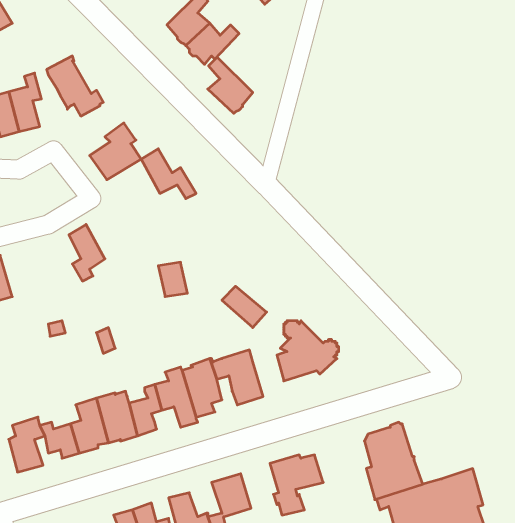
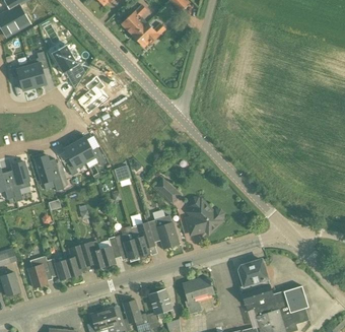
building: [208,57,253,113] -> none
building: [141,149,196,199] -> [74,136,107,165]
building: none -> [36,155,64,191]

